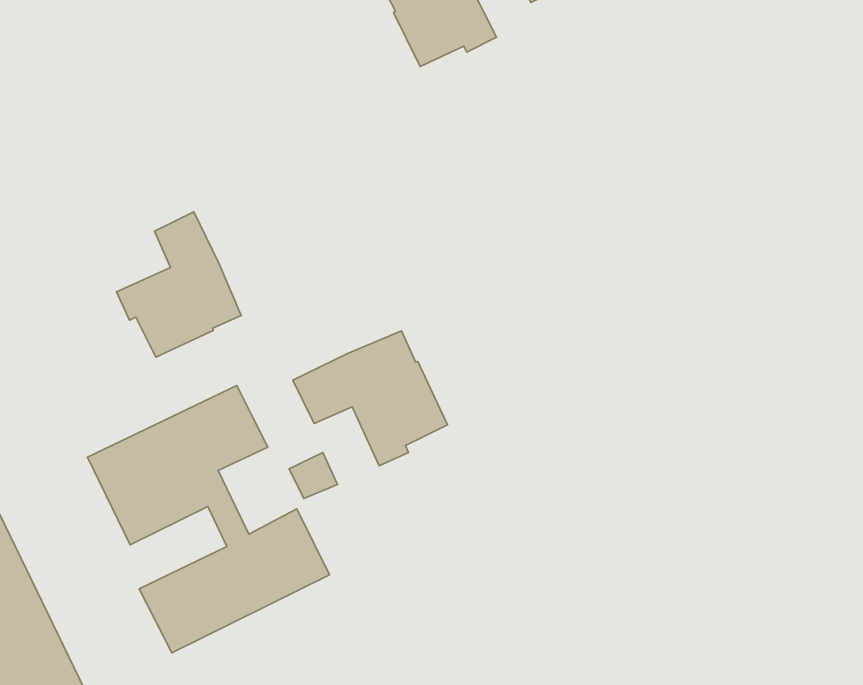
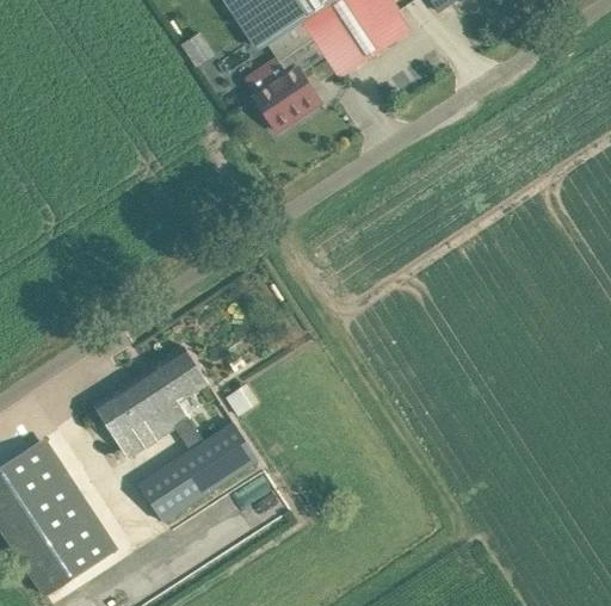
building: [117,212,241,357] -> none
building: [293,331,447,466] -> none

